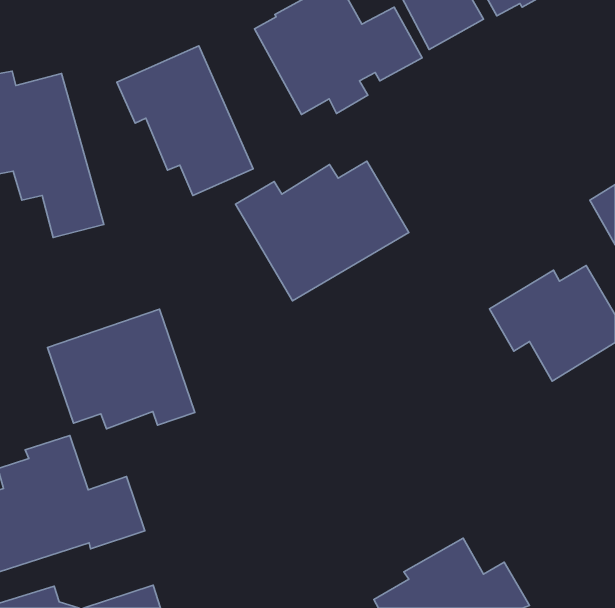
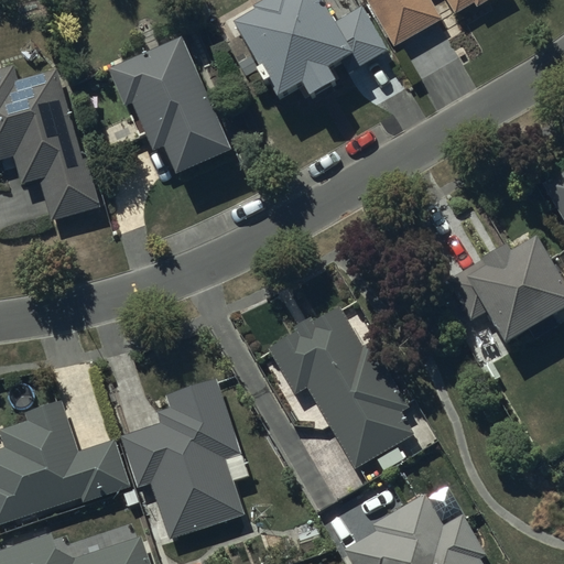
building: [235,161,409,301] -> none
building: [48,309,195,429] -> none
building: none -> [270,306,417,469]
building: none -> [121,377,242,536]

